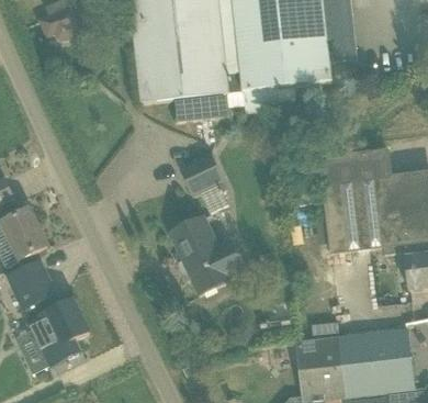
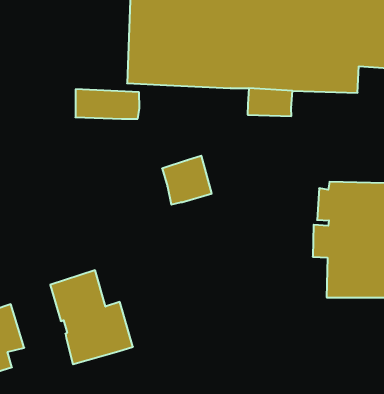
building: [173,93,228,122] -> [75,89,139,119]
building: [169,215,245,295] -> [50,270,133,364]

